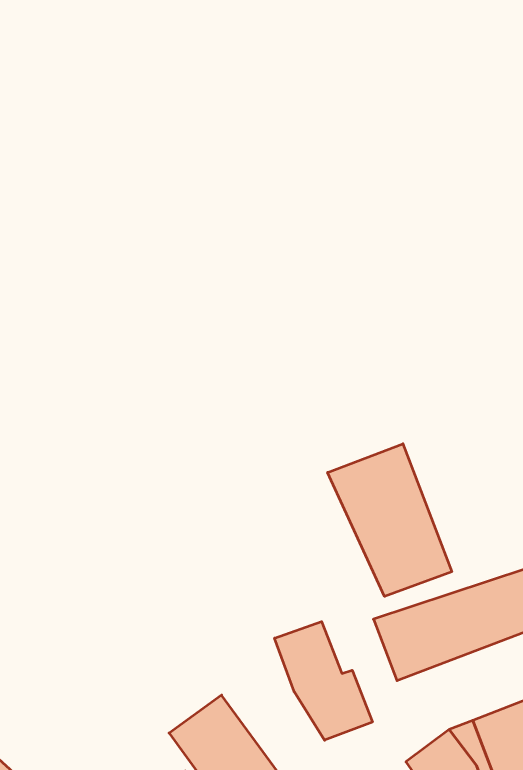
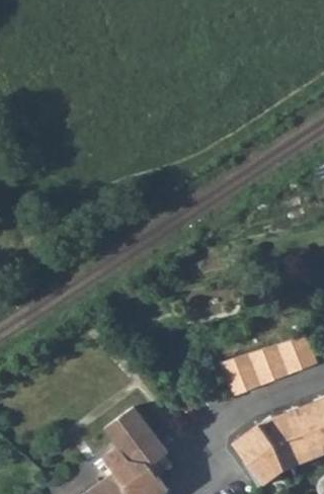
building: [328,444,452,596] -> none
building: [275,622,372,740] -> none

